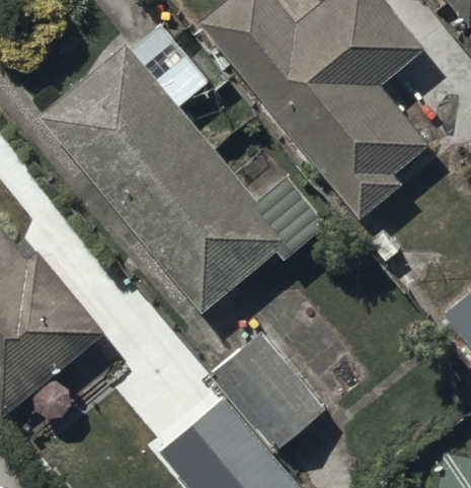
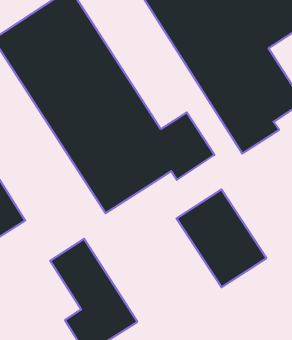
building: [210,333,326,452] -> [176,189,266,287]

